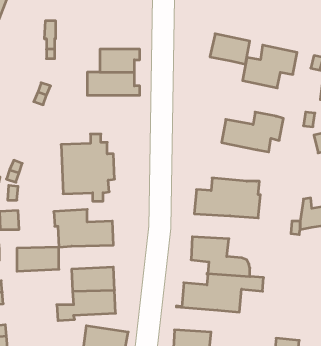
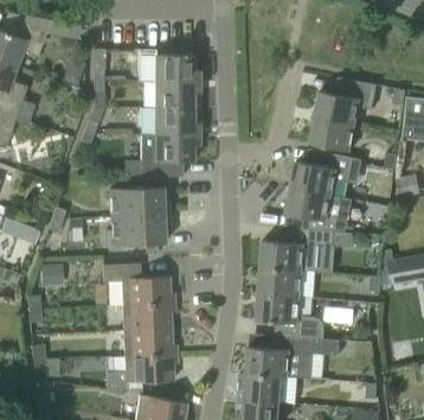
building: none -> [154,55,199,82]
building: [210,34,250,64] -> [309,117,354,152]
building: none -> [140,134,199,178]
building: none -> [283,187,352,233]
building: none -> [258,268,301,297]
building: [17,247,59,271] -> [122,304,169,331]
building: none -> [238,374,287,402]

